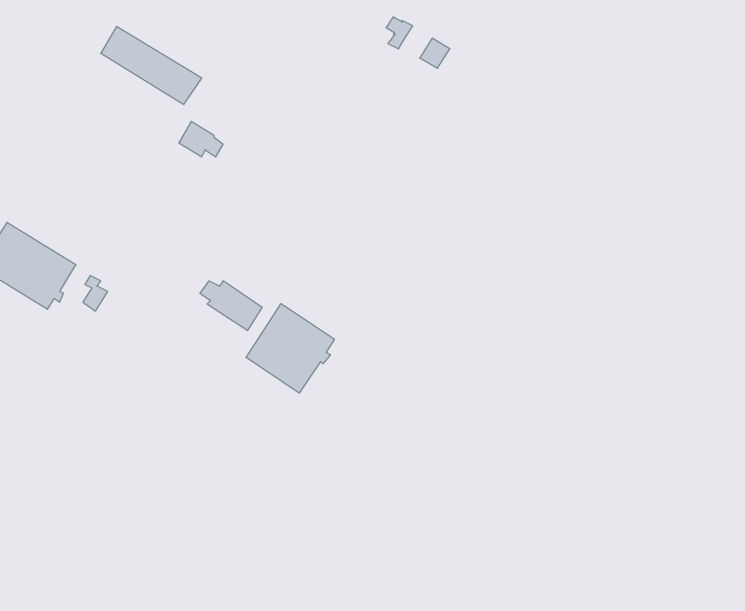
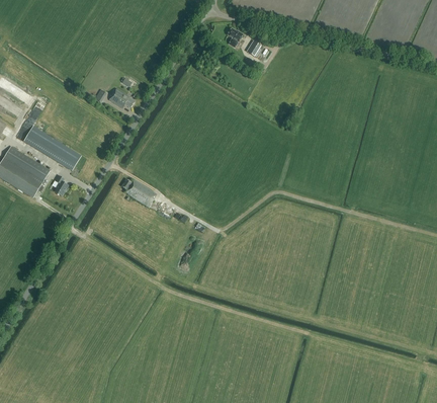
building: [101,27,202,105] -> [22,126,80,170]
building: [246,304,334,393] -> none

